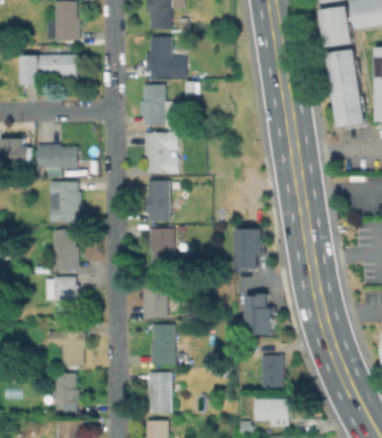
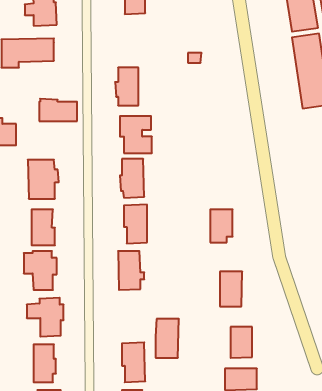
building: [148,36,187,77] -> none
building: [40,146,80,169] -> [39,99,77,121]
building: [152,324,176,364] -> [156,319,179,358]

